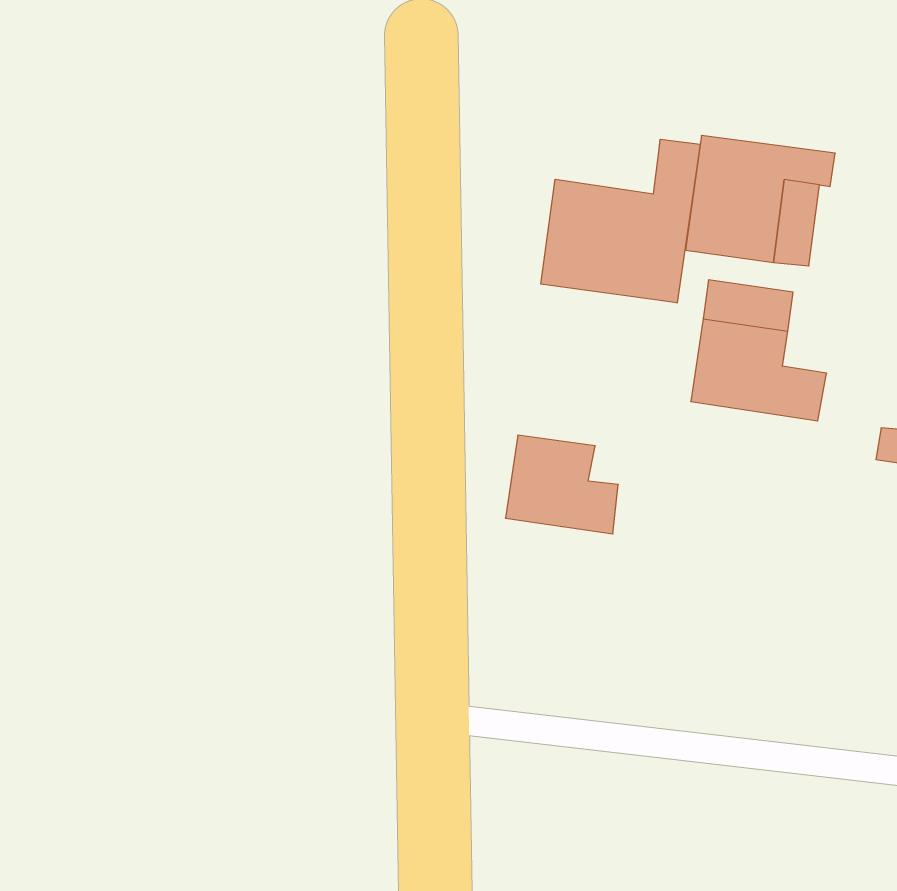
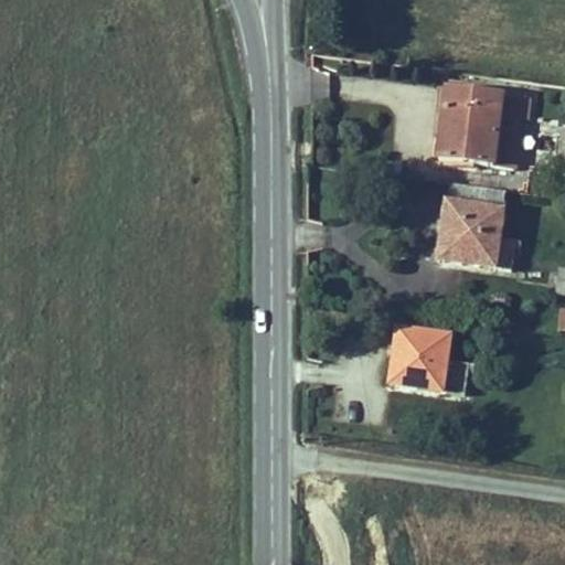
building: [541,139,700,303] -> none
building: [505,435,618,534] -> [391,329,461,391]

